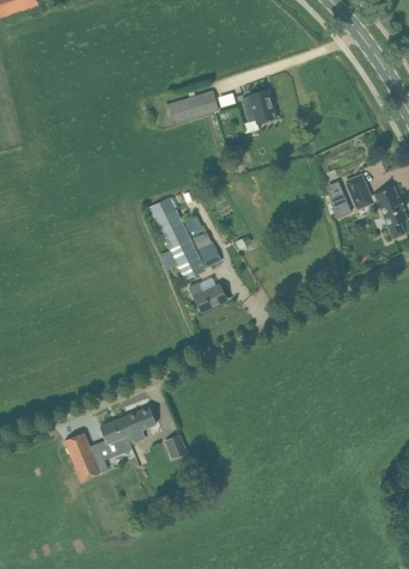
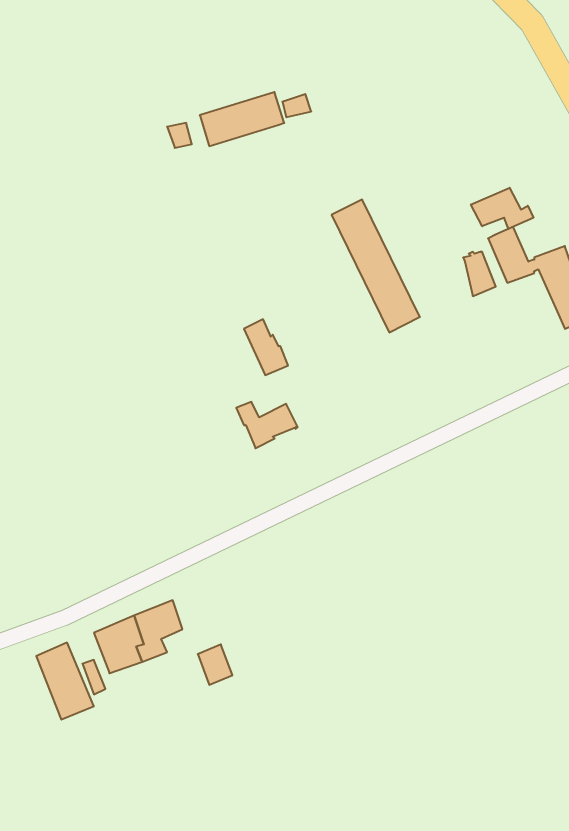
building: [240,88,274,123] -> none
building: none -> [471,188,533,229]
building: [149,196,205,279] -> [332,200,420,332]

